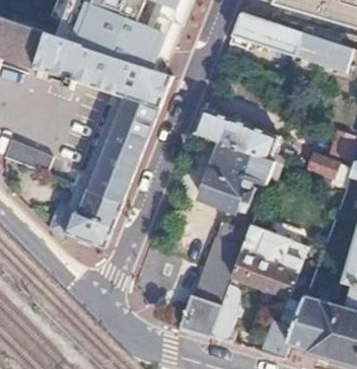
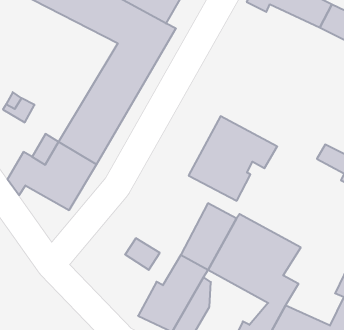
building: [191,108,277,162] -> none

